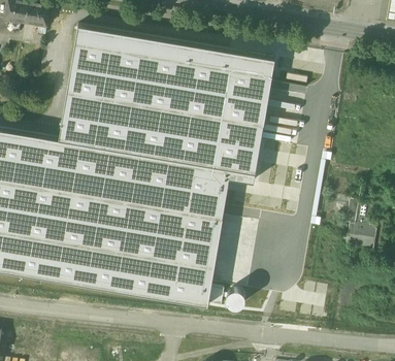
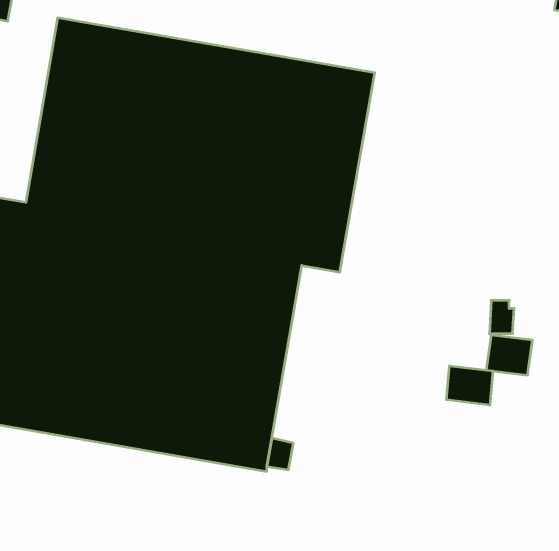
building: none -> [446,366,493,405]

